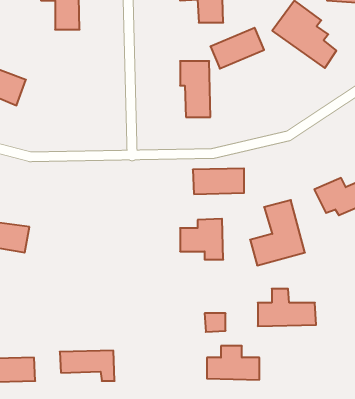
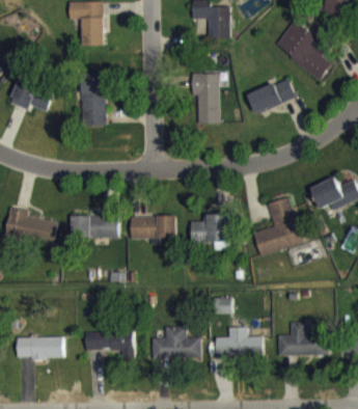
building: [210,28,264,69] -> [248,78,296,114]
building: none -> [80,73,105,127]
building: [193,168,244,194] -> [130,216,175,239]
building: none -> [71,216,118,238]
building: [258,289,316,326] -> [278,323,330,356]
building: none -> [152,326,201,360]

